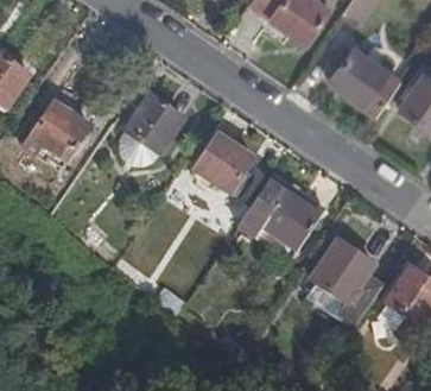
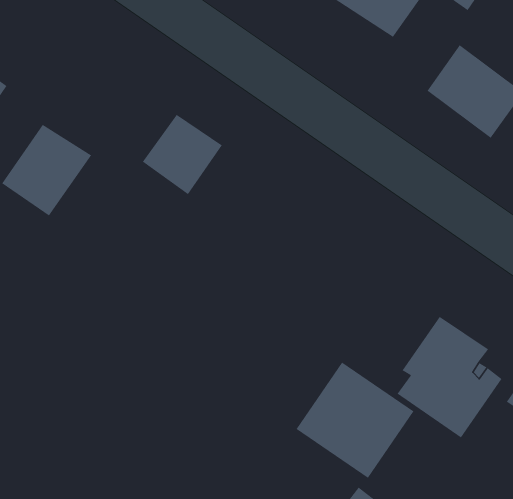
building: [195,135,253,193] -> none
building: [239,175,324,259] -> [295,361,415,479]

